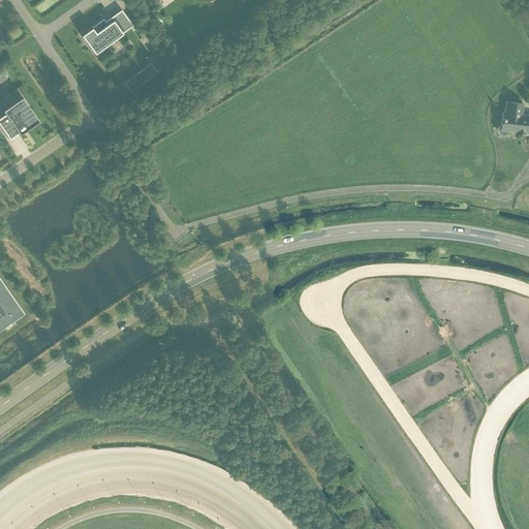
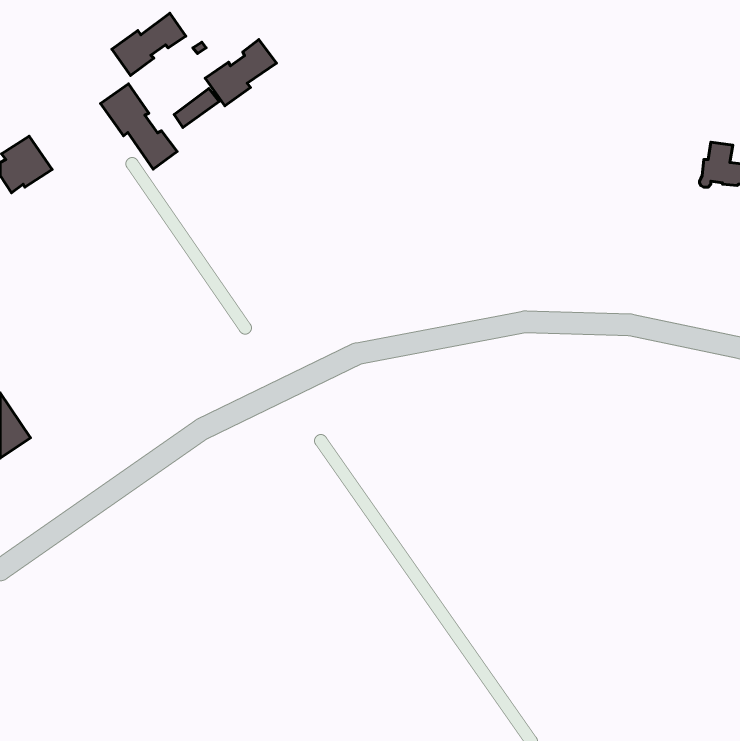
building: none -> [205,39,277,106]
building: none -> [101,84,177,169]

